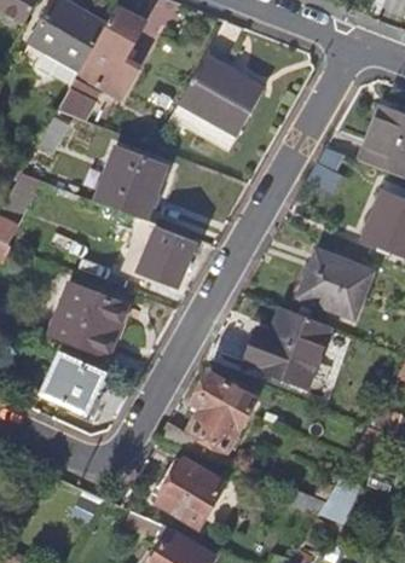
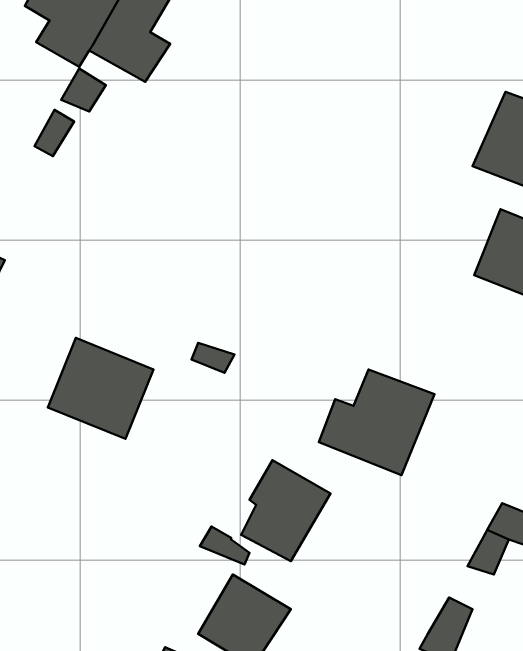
building: [180,60,262,135] -> none
building: [94,147,163,219] -> none
building: [139,224,195,285] -> none
building: [297,249,374,315] -> none
building: [41,355,102,413] -> none

